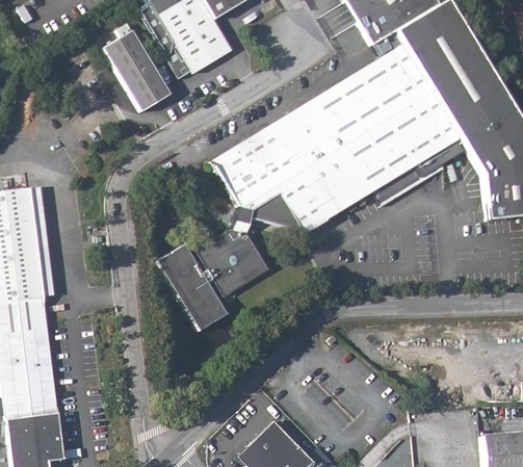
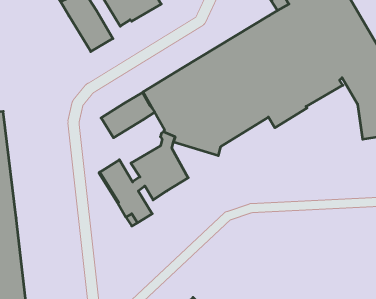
building: none -> [101,93,155,138]

